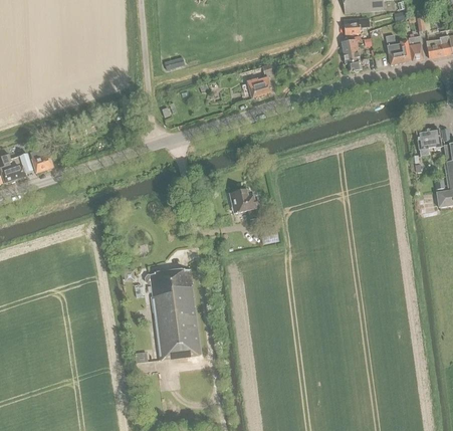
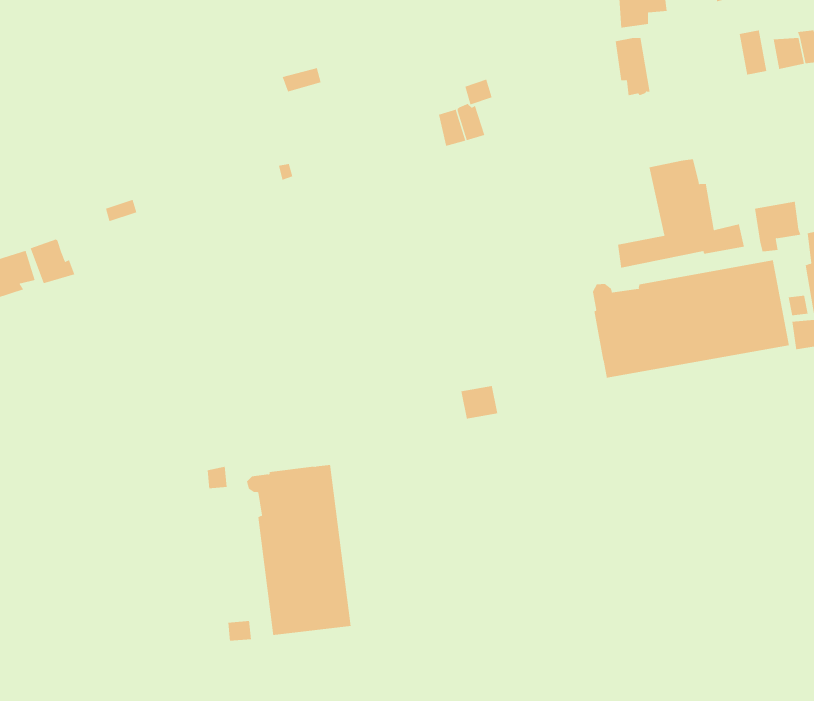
building: [386,35,410,64] -> none
building: none -> [617,158,745,269]
building: none -> [592,260,789,379]
building: [230,190,261,226] -> none

